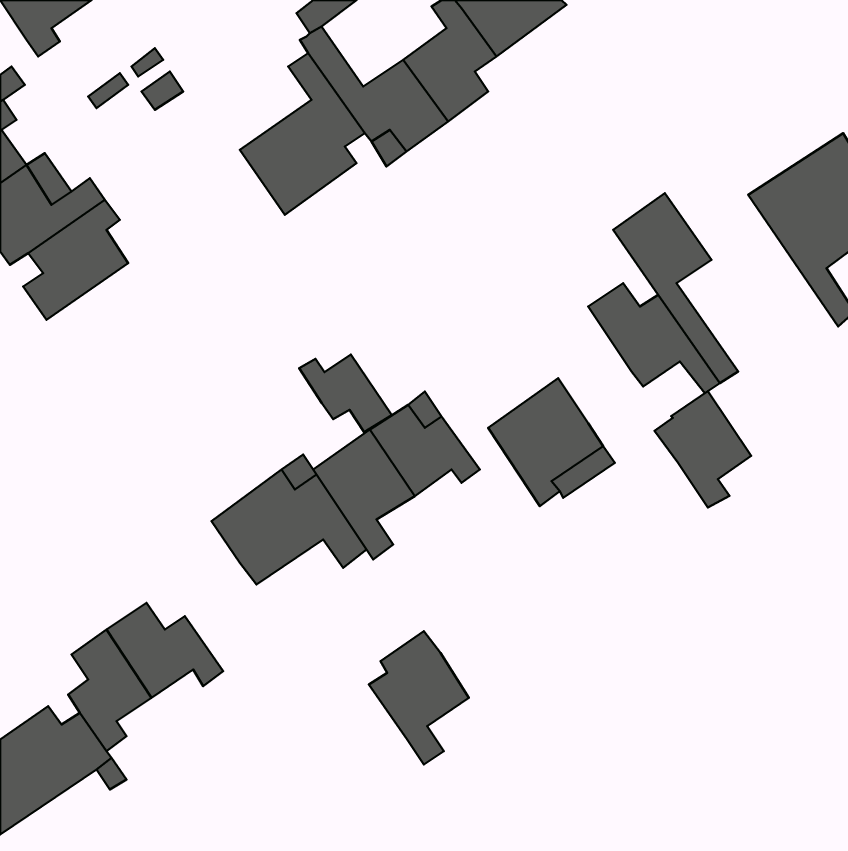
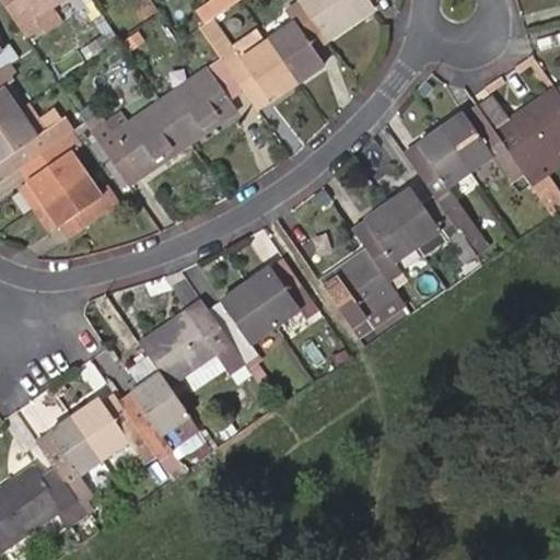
building: none -> [84,98,189,184]
building: none -> [439,110,524,180]
building: none -> [33,173,118,234]
building: [299,355,392,432] -> none
building: [654,391,751,508] -> [353,201,417,278]
building: [369,631,469,765] -> [124,370,189,457]

